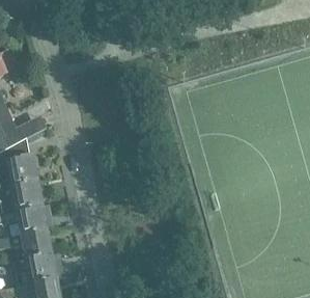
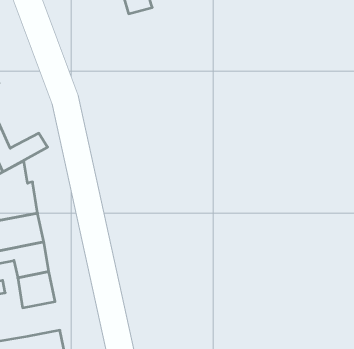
building: [13,255,57,285] -> none

